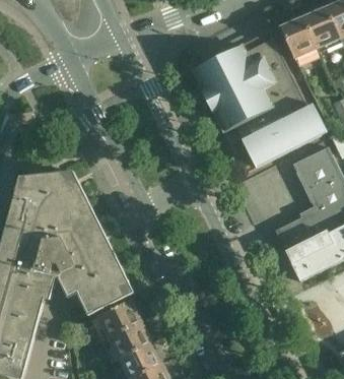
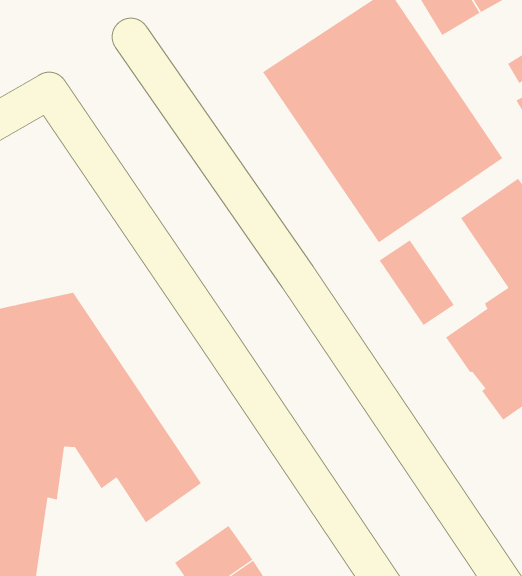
building: none -> [379,239,455,326]
building: [96,299,140,337] -> none

